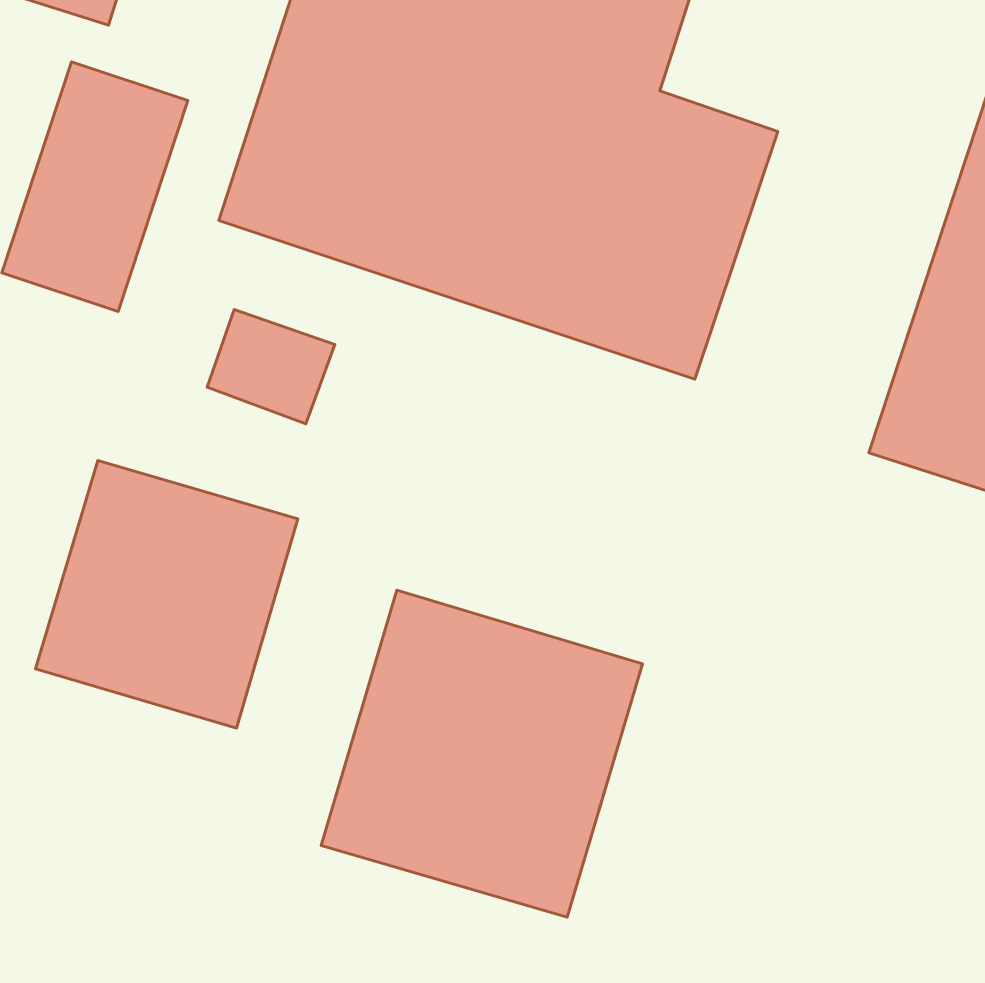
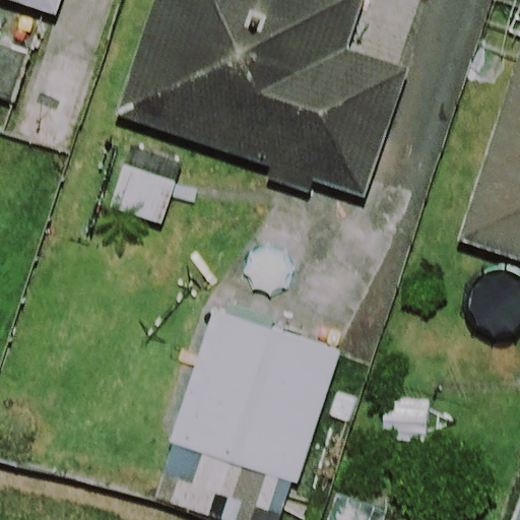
building: [36,460,298,728] -> none

